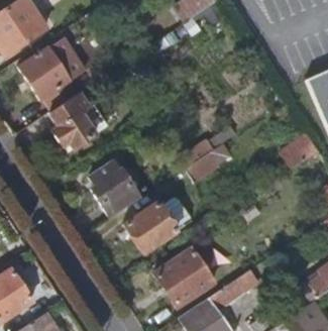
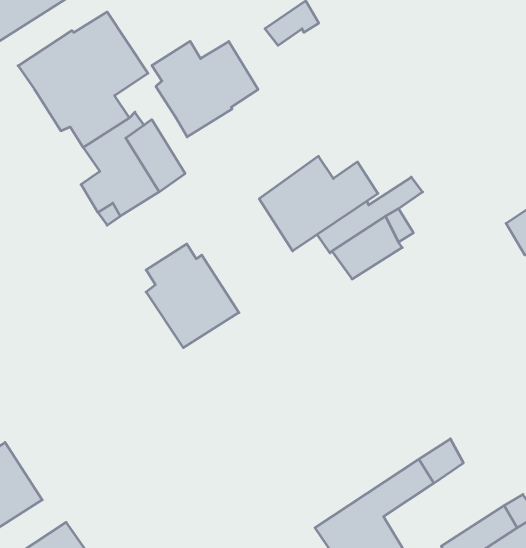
building: none -> [152,41,258,137]
building: [122,203,187,254] -> [259,156,378,251]
building: [154,249,212,307] -> none

